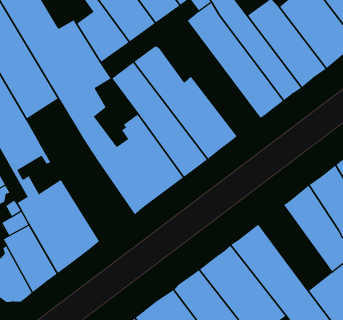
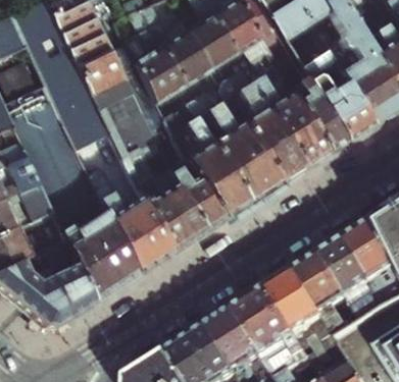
building: none -> [219,62,305,178]
building: none -> [90,161,176,269]
building: none -> [295,249,362,334]

